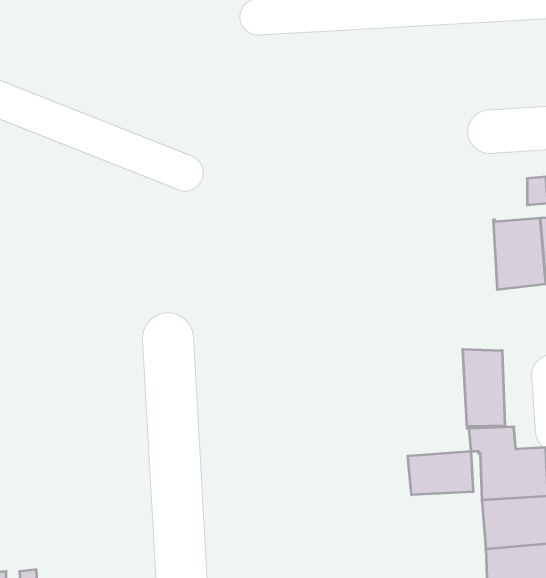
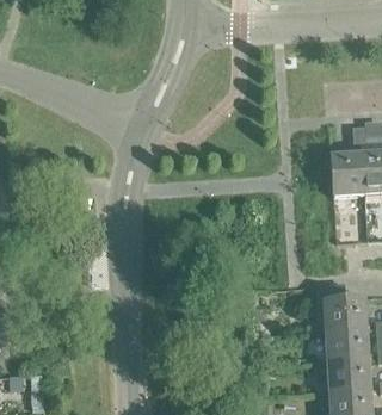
building: [463,349,505,429] -> none
building: [408,451,473,495] -> none

